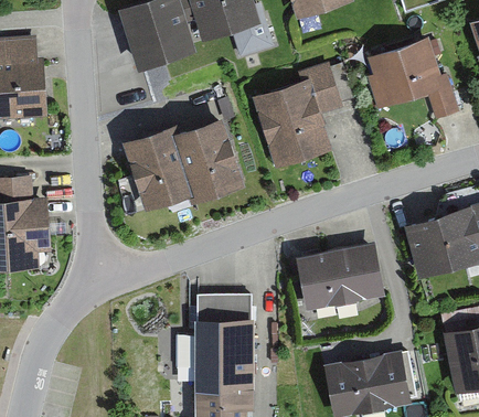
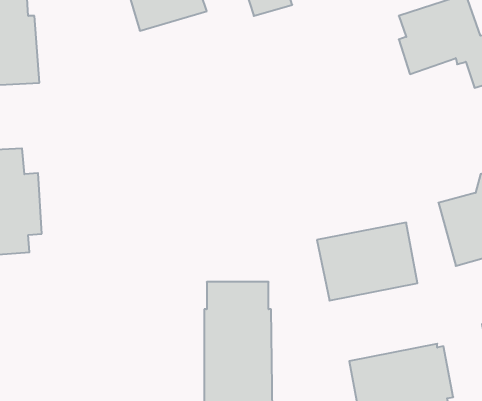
building: [251,64,342,170] -> none
building: [121,116,245,213] -> none

